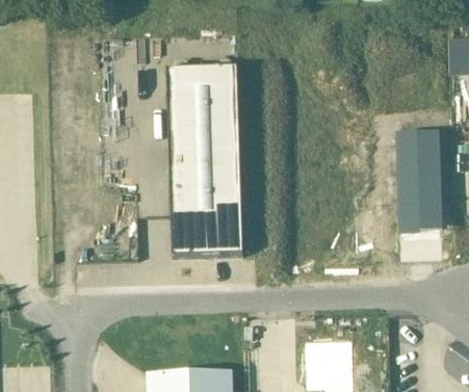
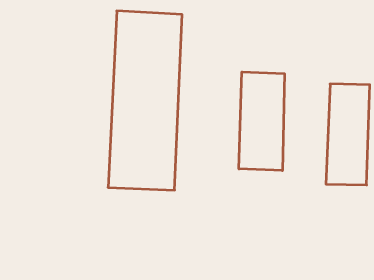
building: none -> [239,72,284,171]

